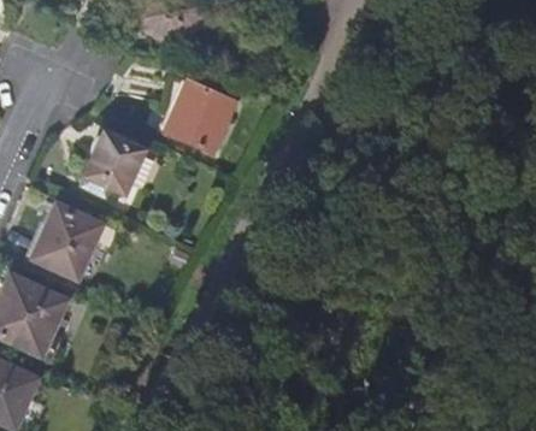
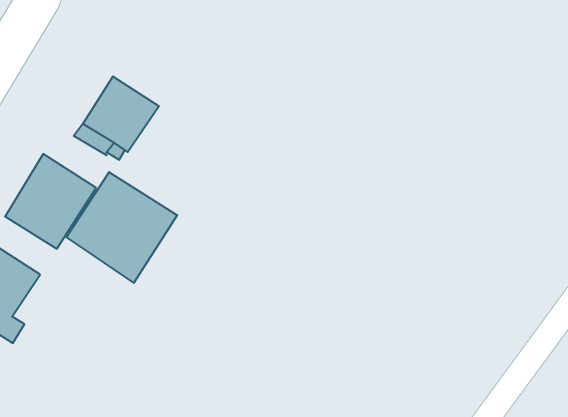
building: [157,78,234,149] -> none
building: none -> [66,172,177,283]

